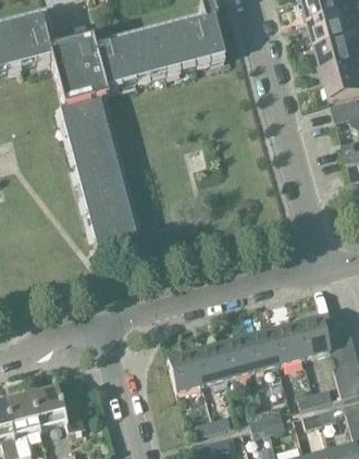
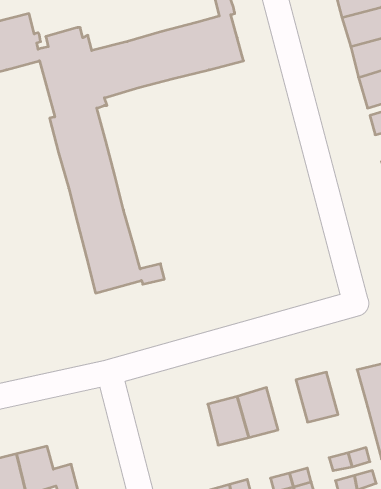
building: [296,314,331,357] -> none
building: [245,327,280,370] -> none
building: [169,348,203,389] -> none

